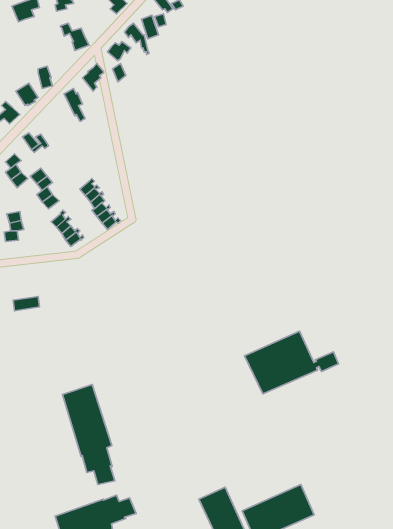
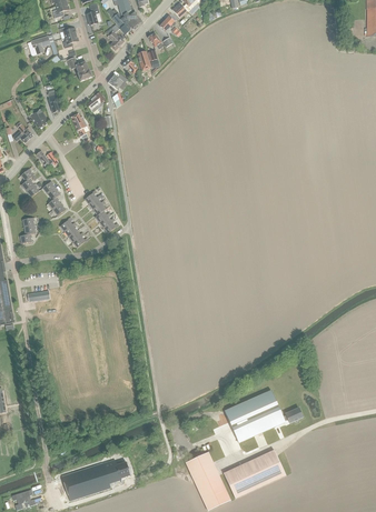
building: [244,331,339,394] -> [222,388,303,441]
building: [62,385,115,485] -> none

